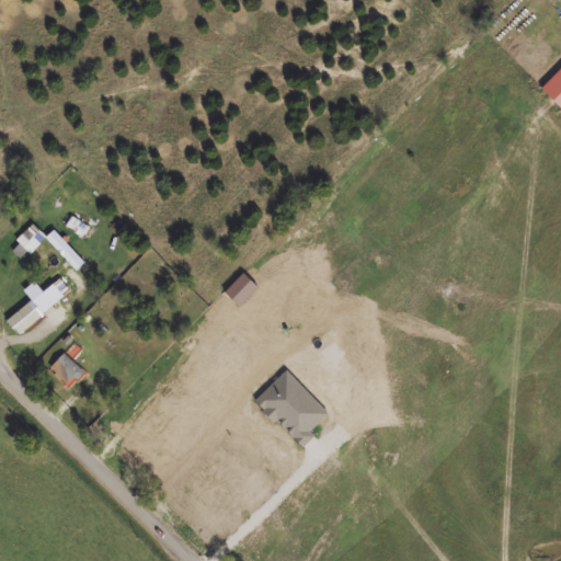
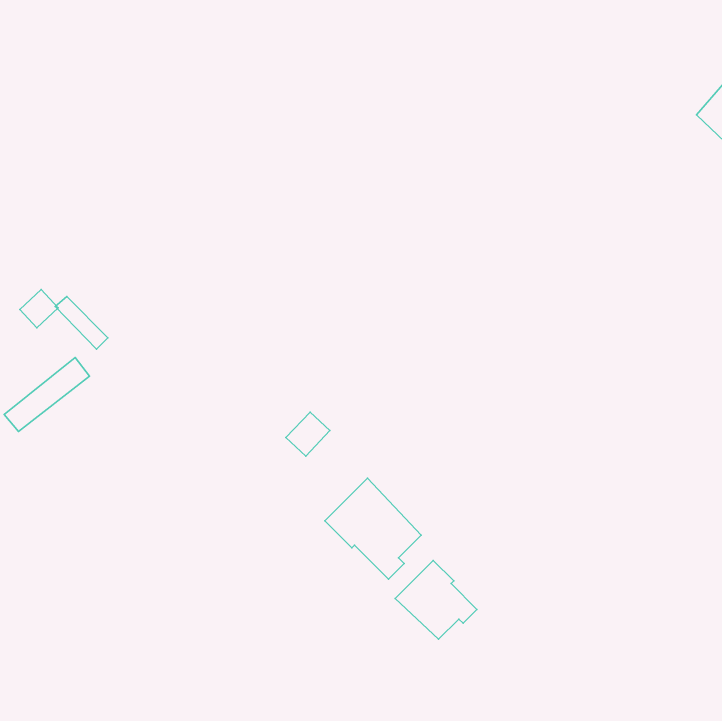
building: [224,273,257,307] -> [286,412,330,456]
building: [50,351,83,385] -> none
building: none -> [395,561,477,639]

